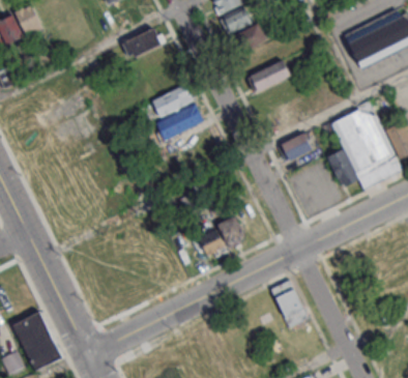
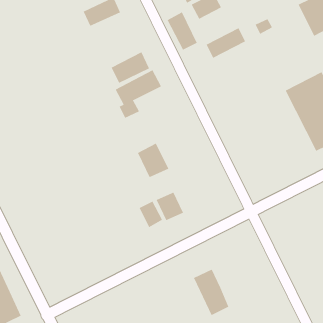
building: none -> [167,12,198,51]
building: [281,132,315,163] -> none
building: [326,148,359,188] -> none
building: [215,208,249,244] -> [137,143,169,178]
building: [270,280,308,328] -> [193,269,229,316]

